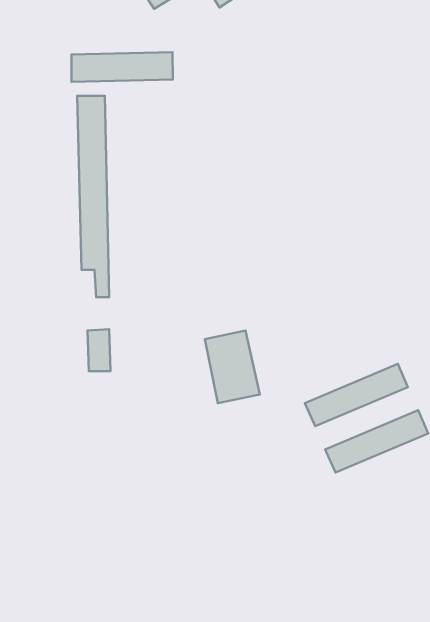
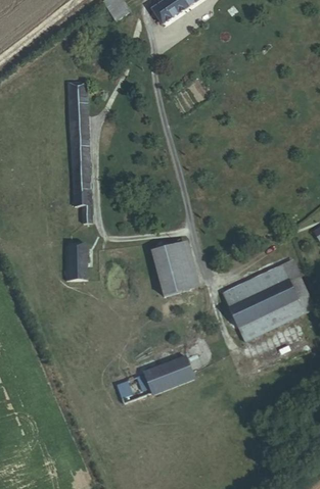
building: [71,52,173,82] -> none
building: none -> [234,280,307,324]
building: none -> [137,355,201,388]

